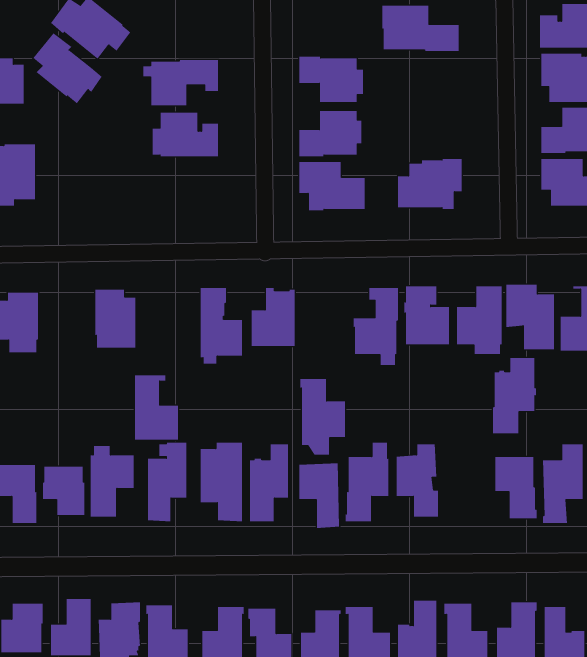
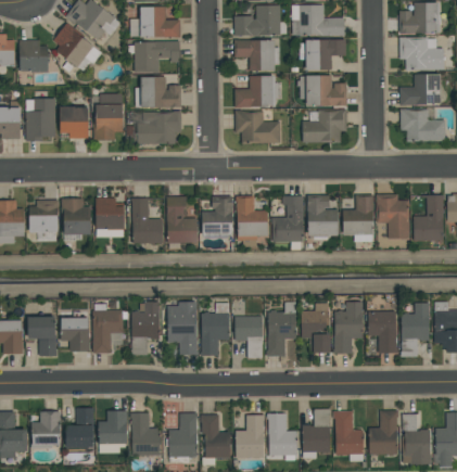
building: none -> [233,5,287,36]
building: none -> [130,7,180,38]
building: none -> [300,39,345,71]
building: none -> [297,76,346,105]
building: none -> [93,93,123,140]
building: none -> [60,106,88,138]
building: none -> [137,112,181,145]
building: none -> [61,199,91,241]
building: [492,357,537,434] -> [333,302,364,354]
building: [134,375,179,440] -> [131,199,162,243]
building: [300,379,346,455] -> [236,195,267,247]

